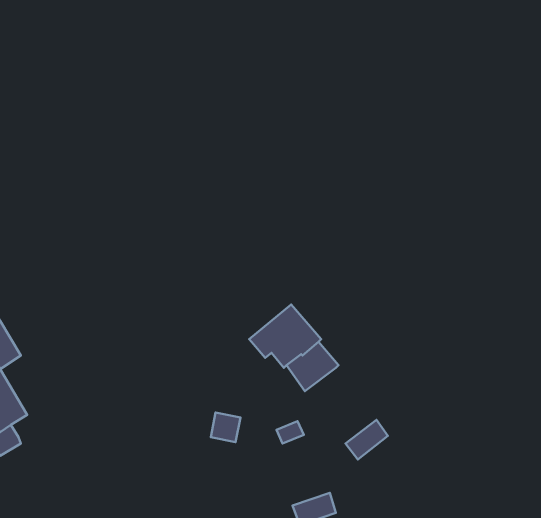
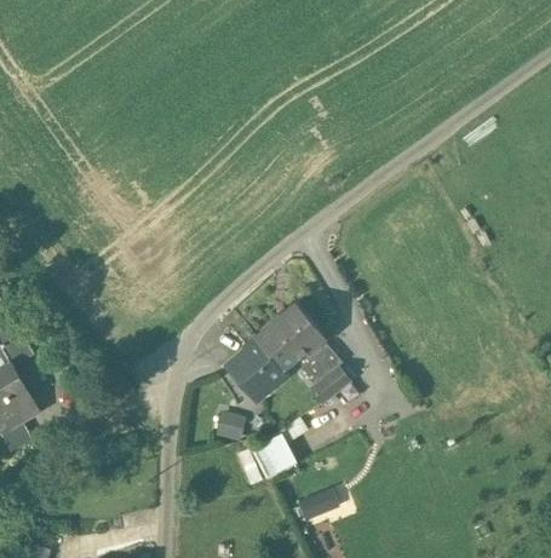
building: none -> [228,340,288,395]
building: [346,420,388,459] -> [309,366,350,404]
building: none -> [252,435,294,479]

